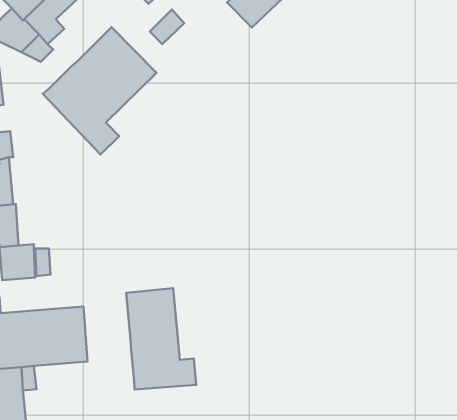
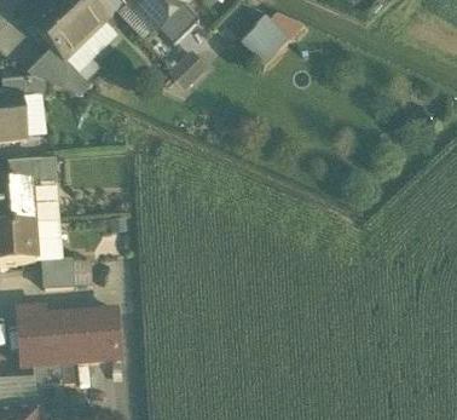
building: [43,27,157,154] -> none
building: [126,288,196,390] -> none

